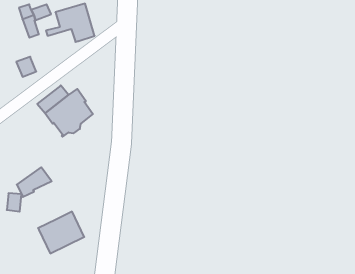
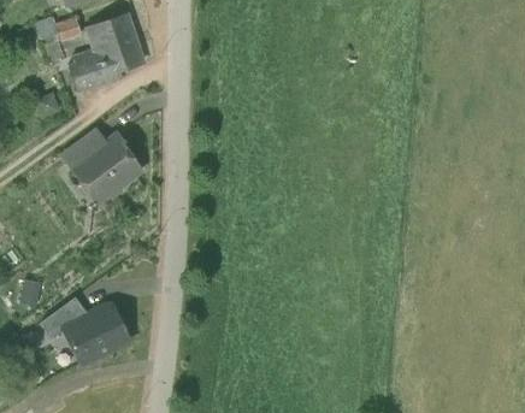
building: none -> [70,53,122,90]
building: [17,167,52,197] -> [41,297,89,338]

